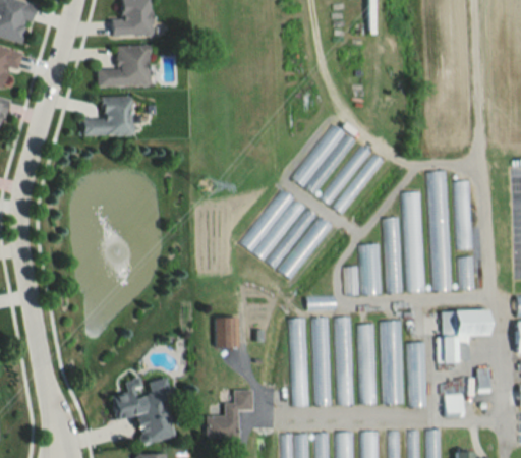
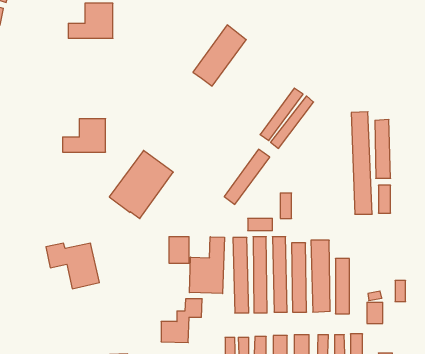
building: [83,97,133,135] -> [63,119,106,152]
building: [293,124,355,195] -> [193,25,246,86]
building: [241,189,315,269] -> [109,150,173,219]
building: [403,192,422,292] -> none
building: [384,218,400,293] -> none
building: [360,244,380,295] -> none
building: [439,310,490,362] -> none
building: none -> [189,237,224,294]
building: [112,392,174,445] -> [46,243,99,289]

